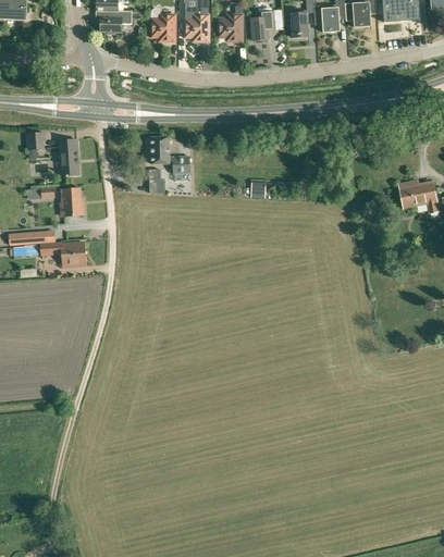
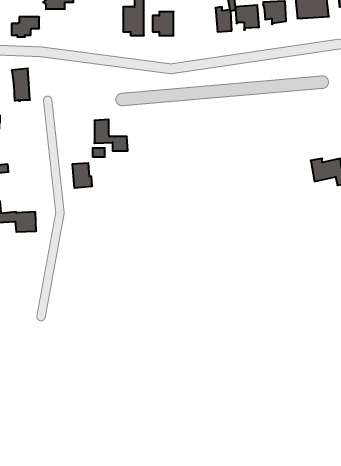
building: [151,9,175,41] -> none
building: [100,11,132,34] -> [12,17,39,37]
building: [251,11,275,40] -> none
building: [59,139,79,176] -> [12,68,30,101]
building: [62,188,85,216] -> [72,163,92,188]

